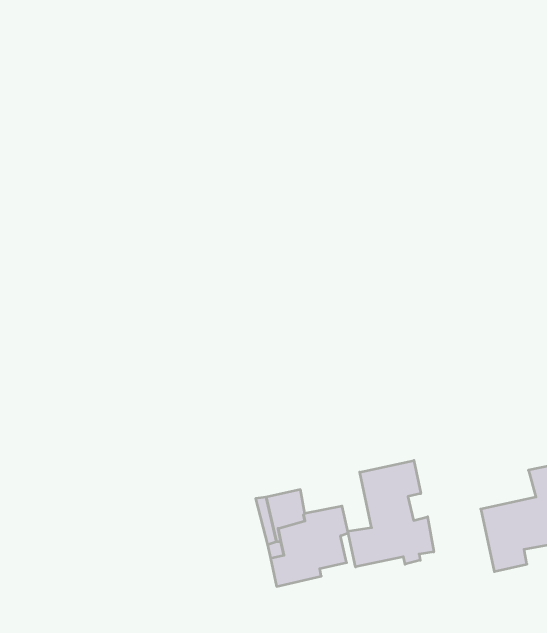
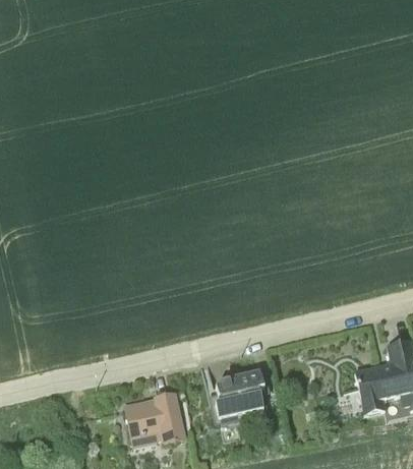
building: [348,460,434,567] -> none
building: none -> [125,394,184,447]

